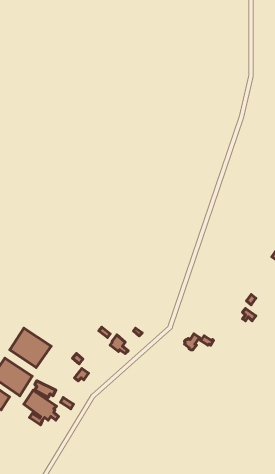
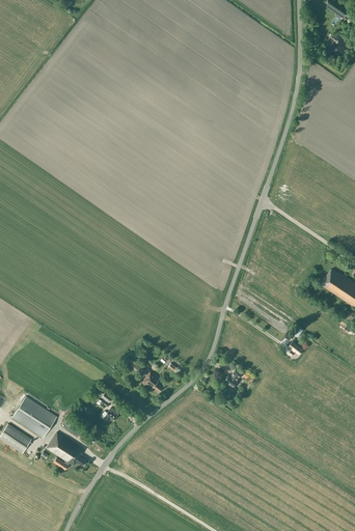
building: [10,328,51,368] -> none

